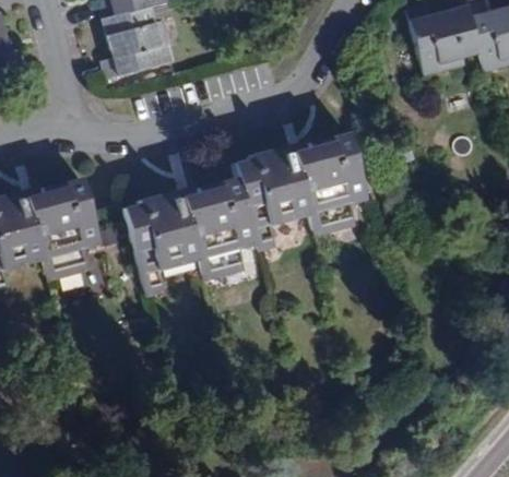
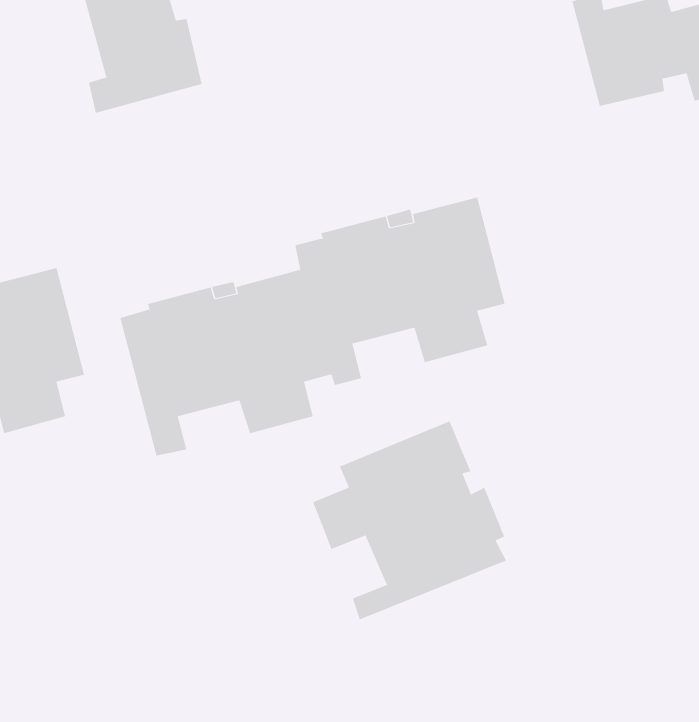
building: none -> [313,421,507,620]

